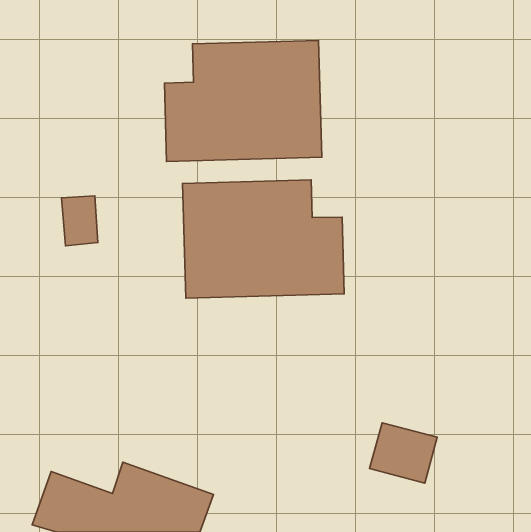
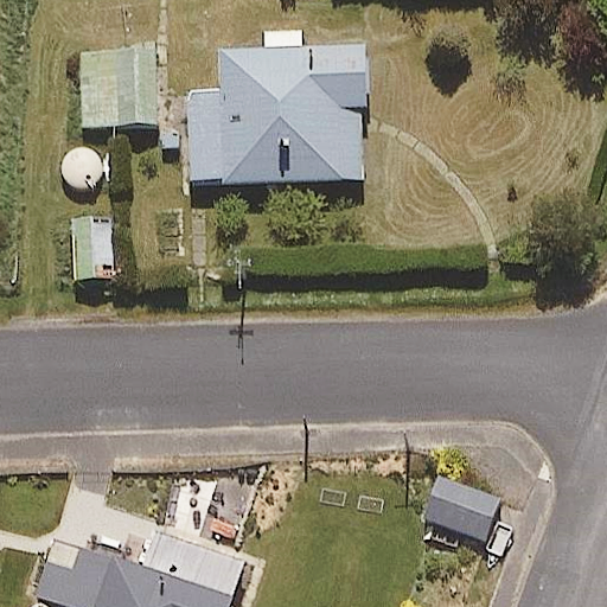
building: none -> [81,51,156,127]
building: [183,180,344,298] -> none

